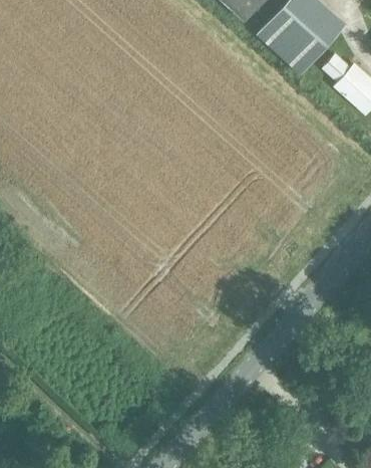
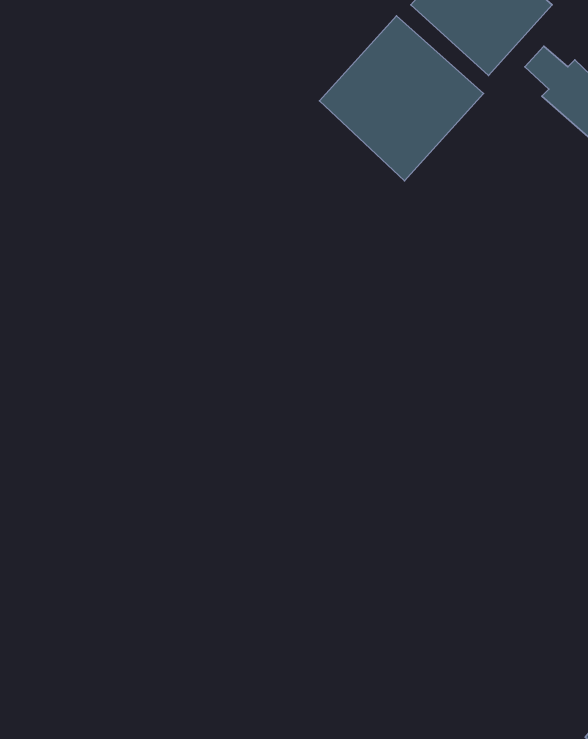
building: none -> [319,16,483,181]

